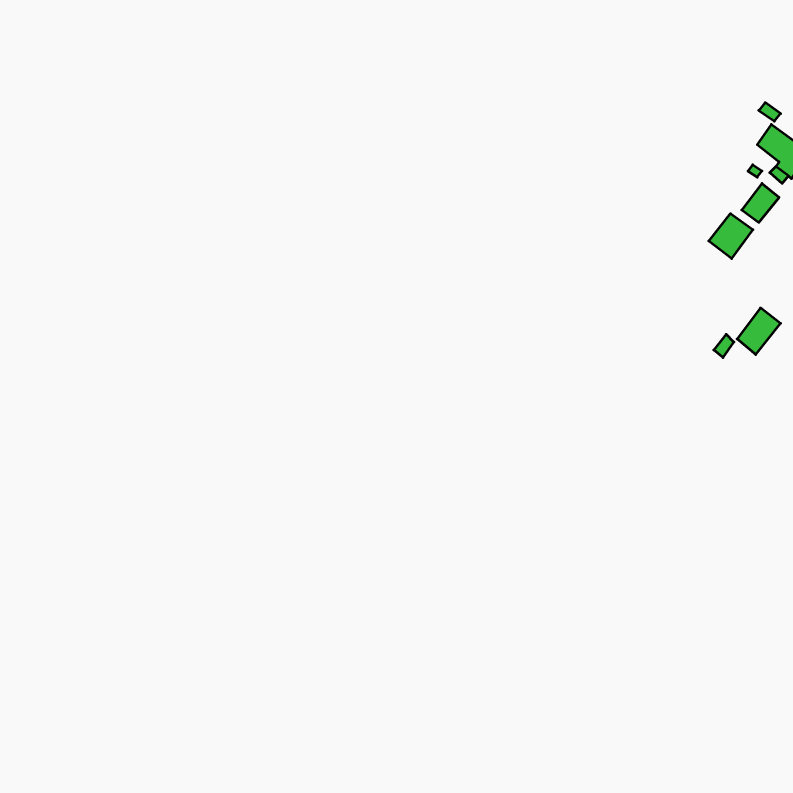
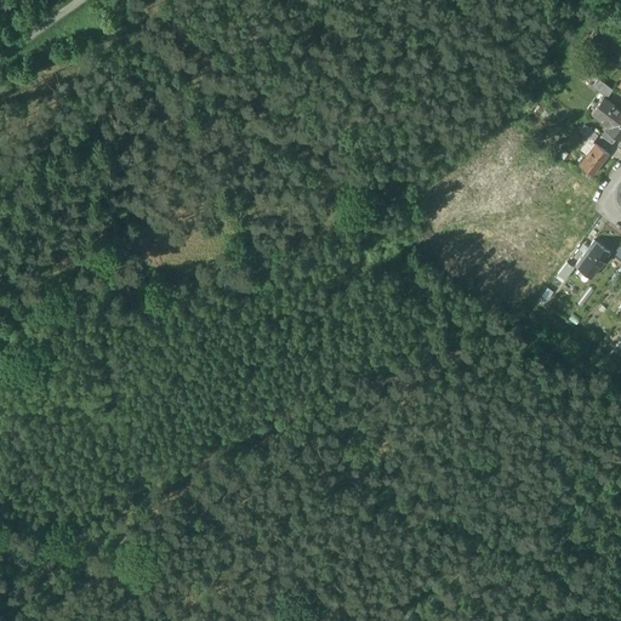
building: [709,214,753,259] -> none

